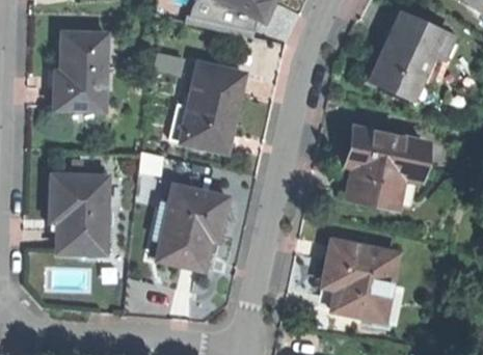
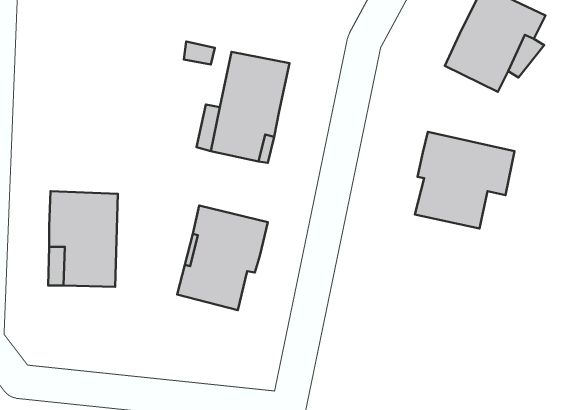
building: [56,33,107,108] -> none
building: [325,241,398,317] -> none

